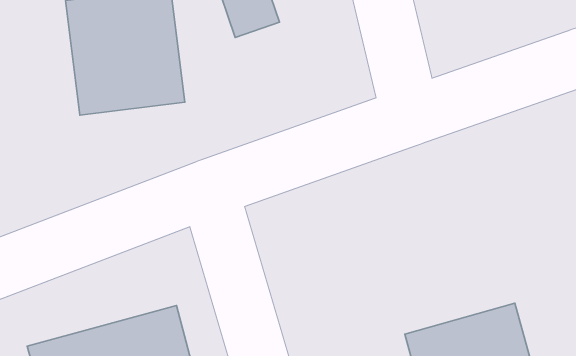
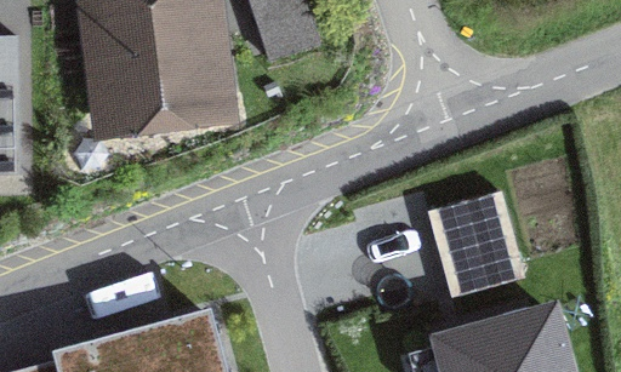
building: none -> [427,193,519,296]

